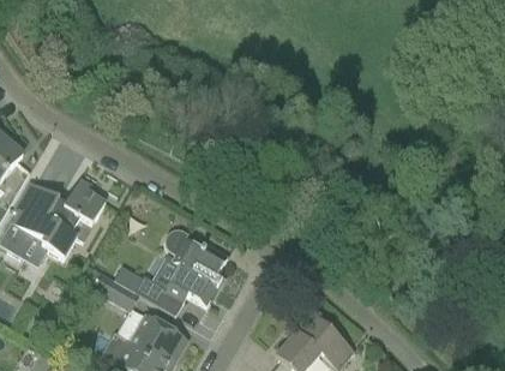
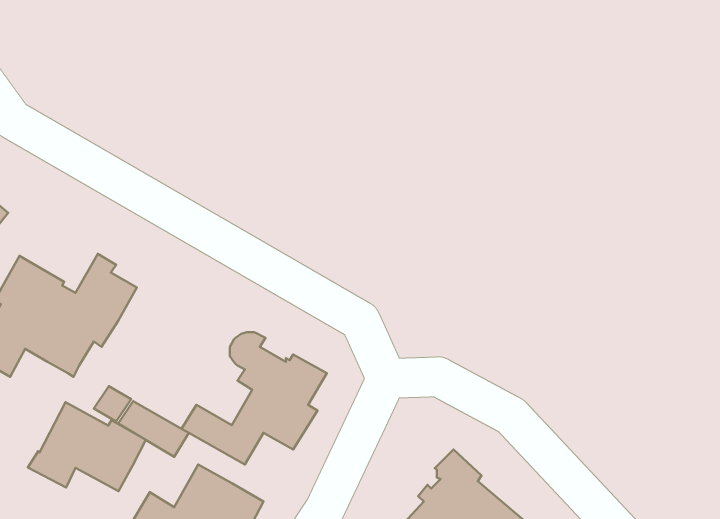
building: none -> [28,402,146,491]

